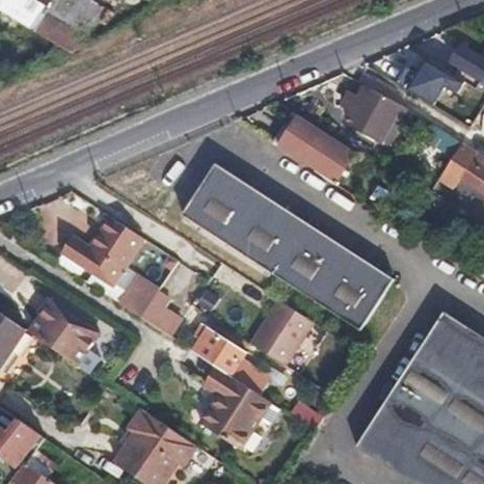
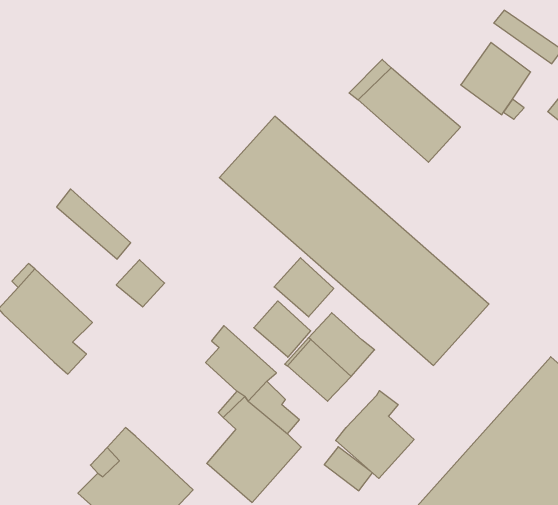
building: [93,222,145,272] -> none
building: none -> [274,258,334,317]
building: [140,294,182,339] -> none
building: none -> [254,301,311,357]
building: none -> [336,391,414,478]

